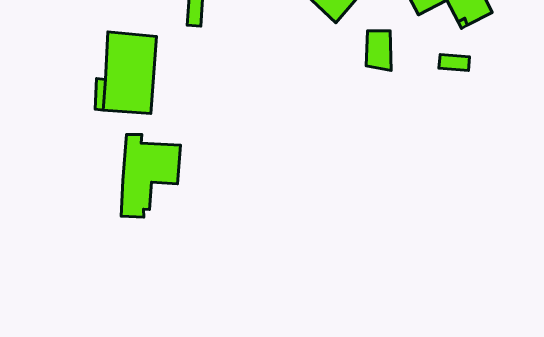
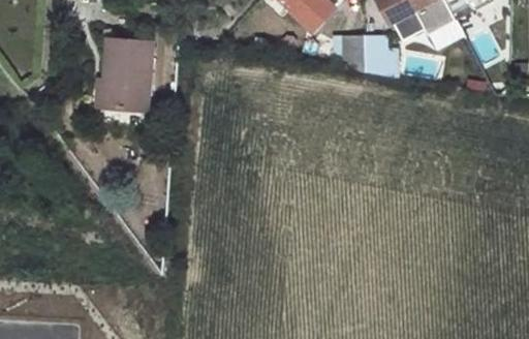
building: none -> [364,36,386,76]
building: [121,134,180,217] -> none

